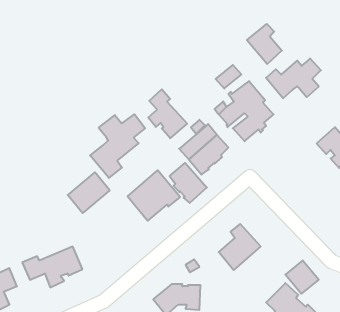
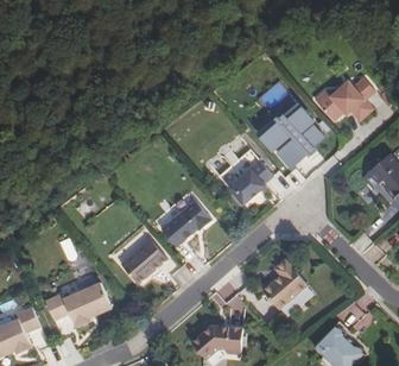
building: [247,24,282,64] -> none
building: [148,89,187,138] -> none
building: [90,114,145,178] -> none
building: [170,163,207,203] -> none
building: [68,172,110,213] -> [120,239,166,284]

